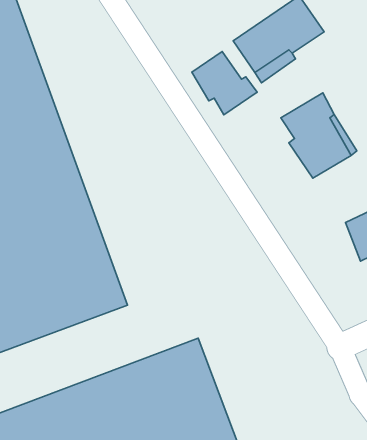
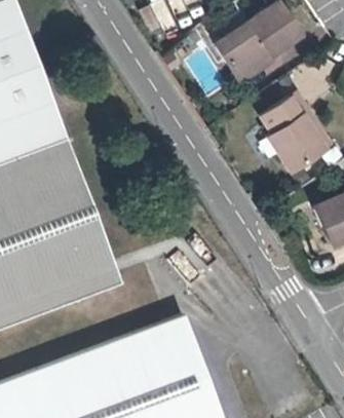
building: [192,51,257,115] -> none

